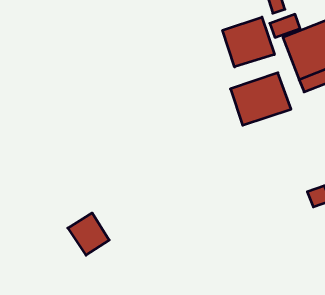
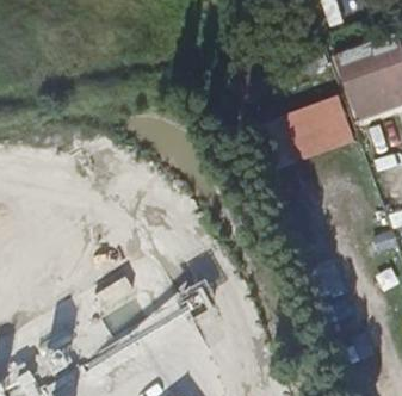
building: [223,17,274,67] -> none

